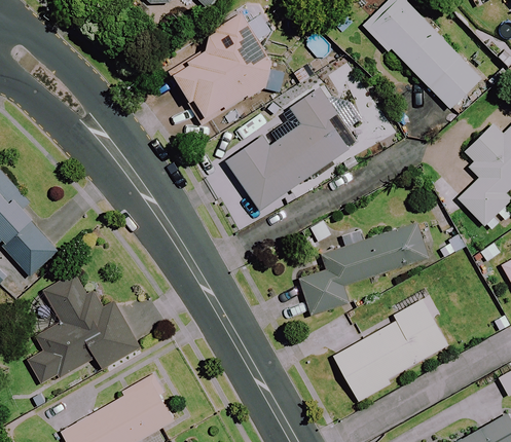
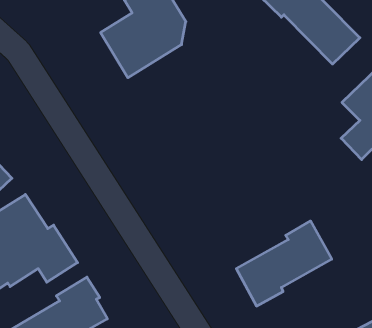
building: [224,85,365,212] -> none
building: [297,218,431,317] -> none

